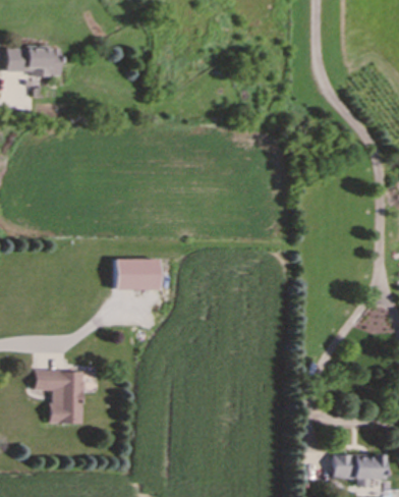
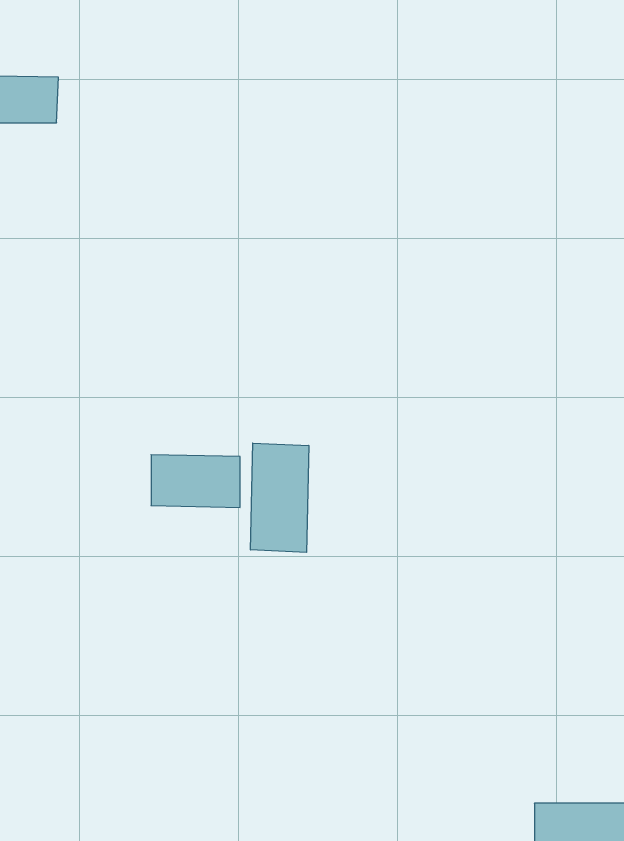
building: none -> [251,443,309,552]
building: [36,370,83,423] -> none

